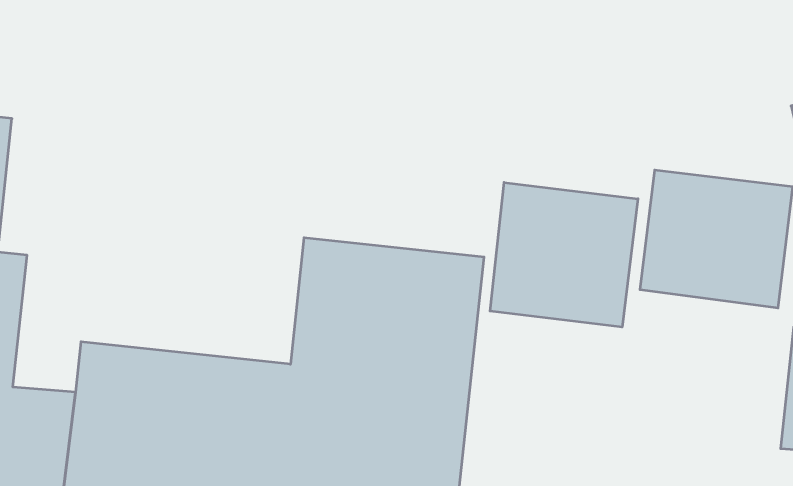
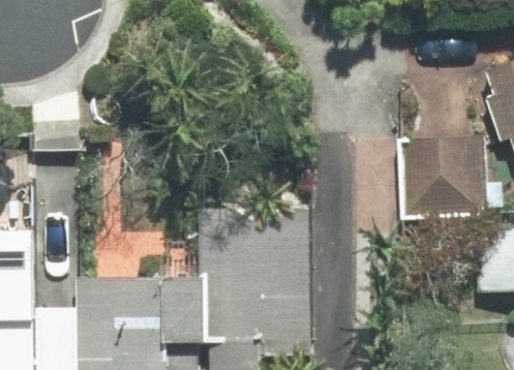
building: [490,182,638,327] -> none

